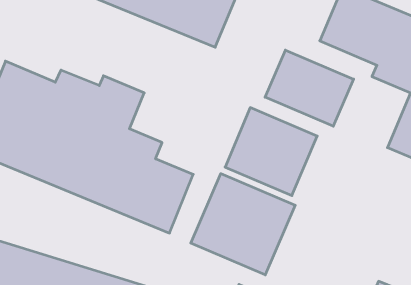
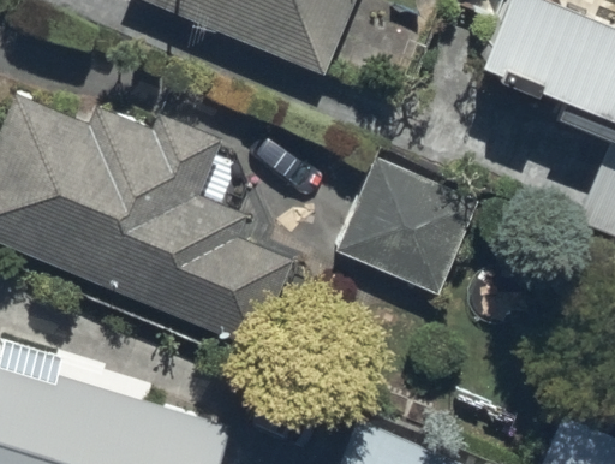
building: [265,50,354,126] -> none
building: [191,174,295,275] -> none

